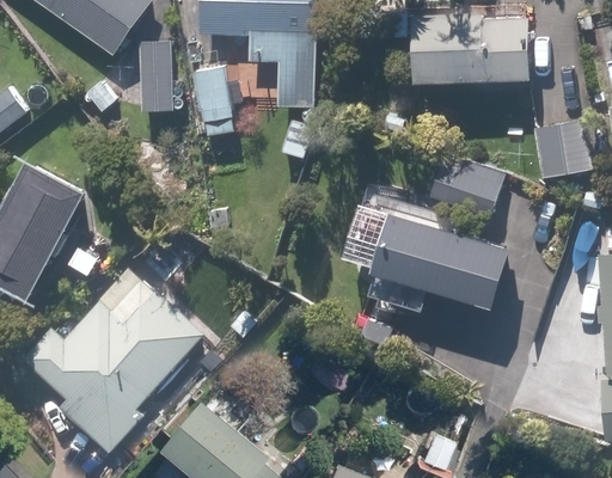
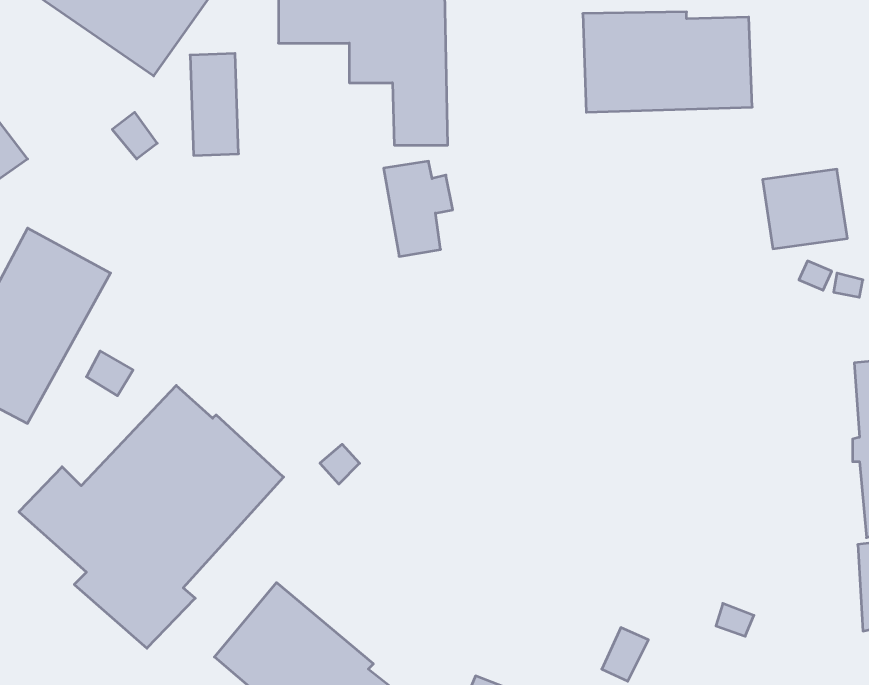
building: [195,67,243,133] -> [384,161,453,256]
building: [428,149,503,215] -> none
building: [366,212,509,311] -> none

